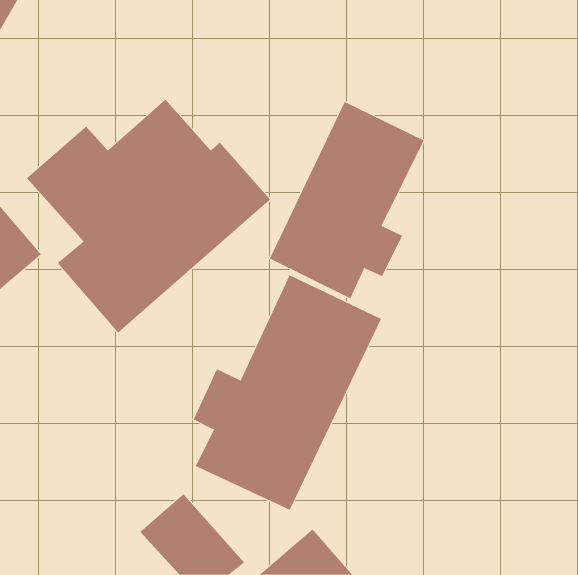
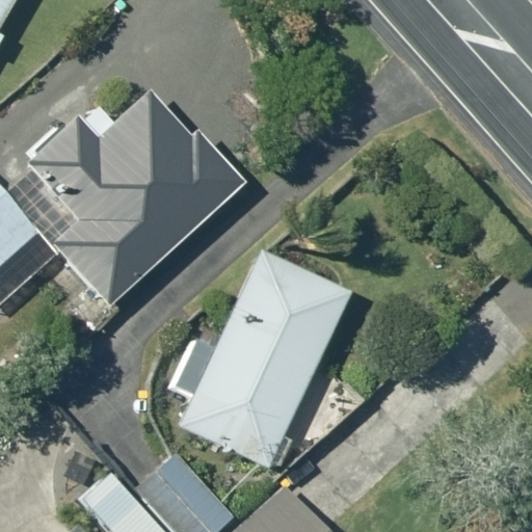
building: [269,101,425,299] -> none

